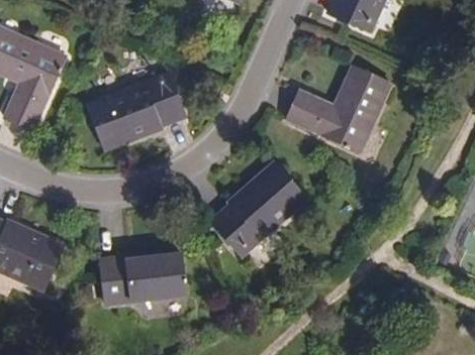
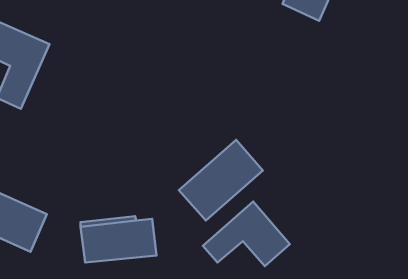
building: [287,66,390,151] -> none
building: [88,73,186,147] -> none
building: none -> [203,202,290,266]

